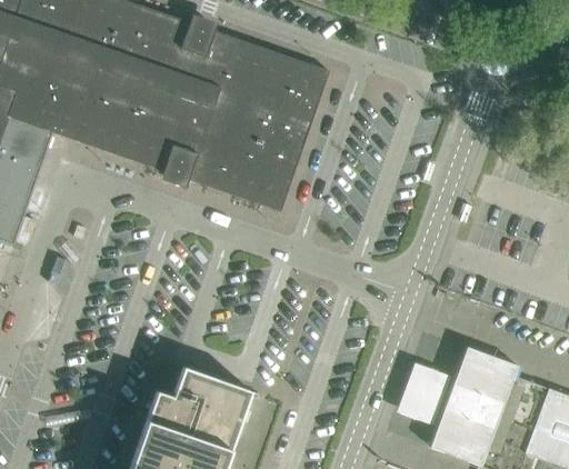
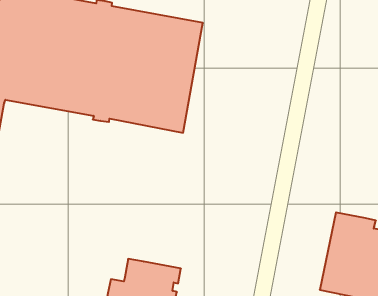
building: [396,358,451,420] -> none

